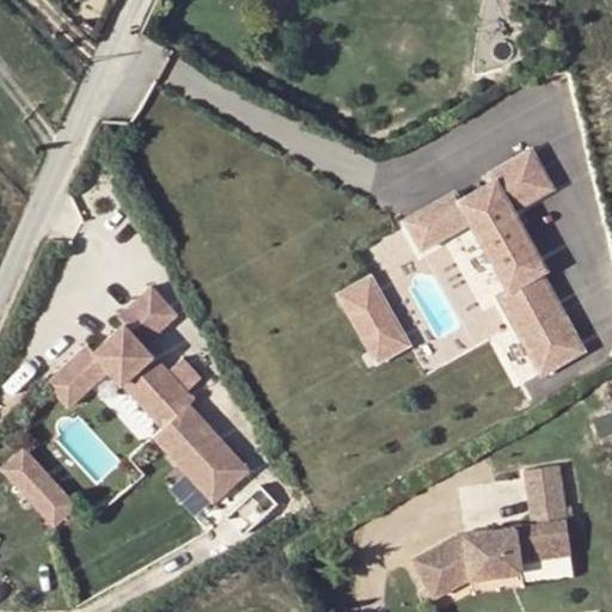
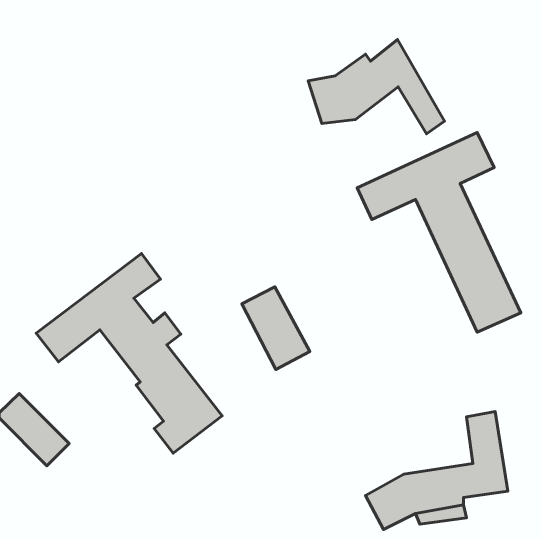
building: none -> [308,40,445,134]
building: [335,271,411,365] -> [242,287,310,370]

